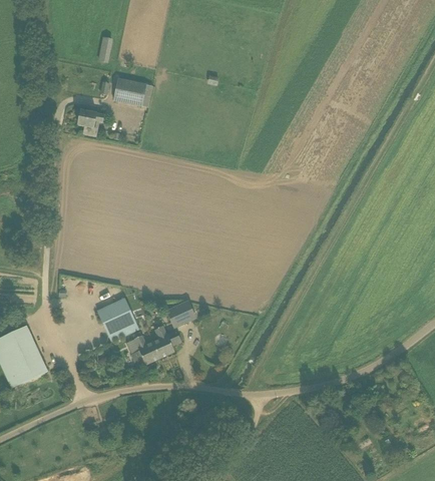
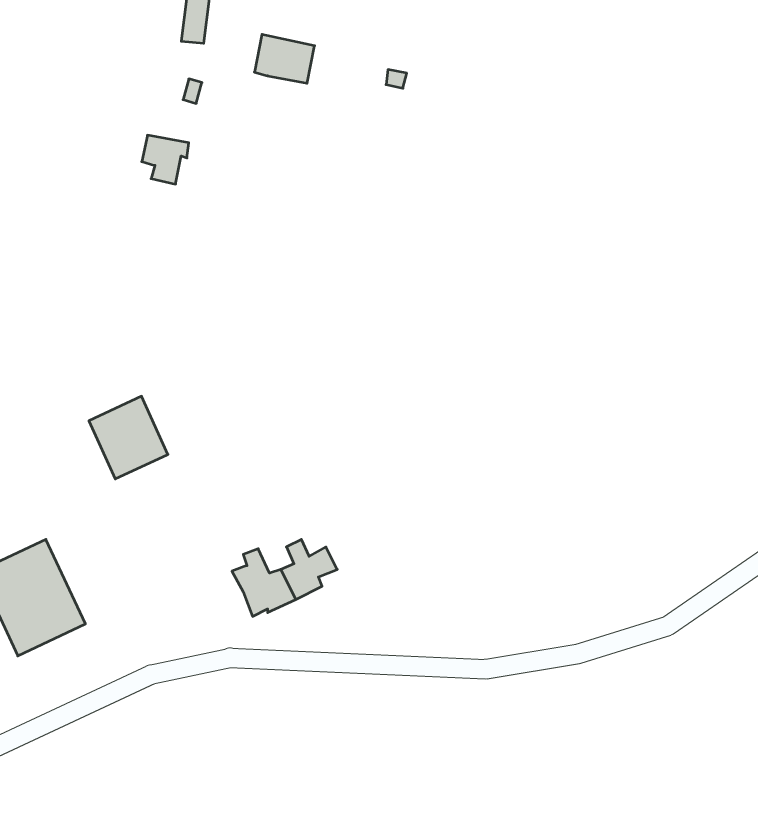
building: [113,79,145,105] -> [254,34,315,83]
building: [96,297,138,341] -> [89,396,168,479]
building: [166,300,194,326] -> none

